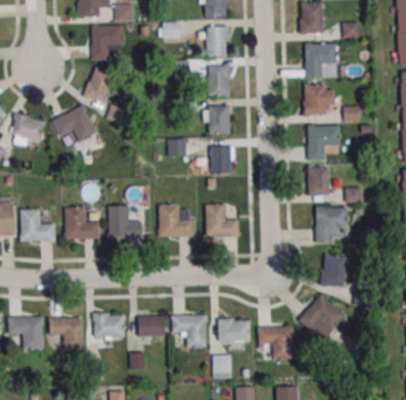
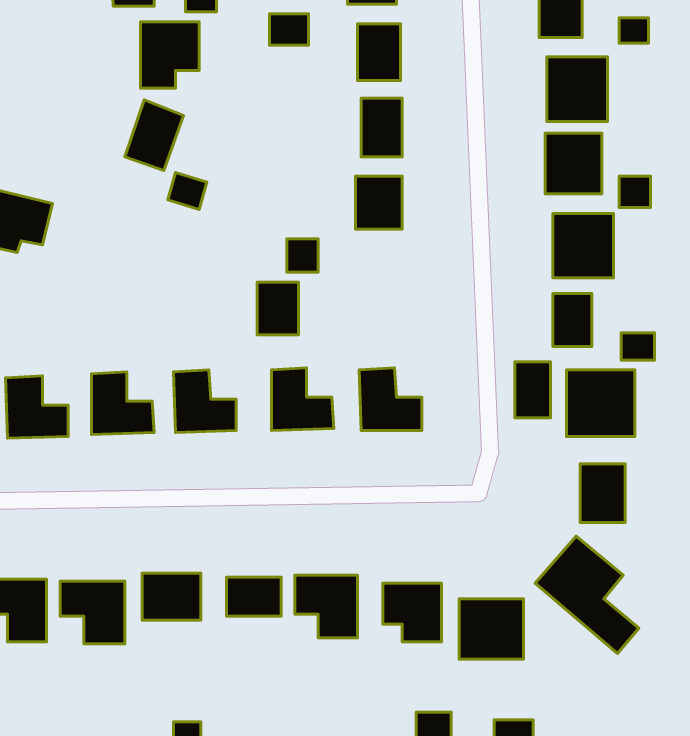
building: [52,104,97,143] -> none
building: [211,146,232,174] -> [257,282,298,335]
building: none -> [515,362,551,418]
building: [213,355,230,377] -> none

